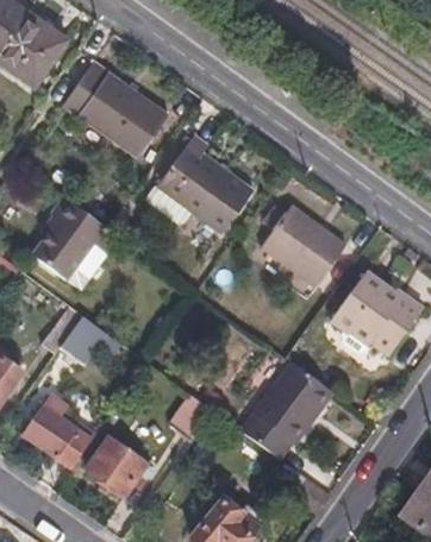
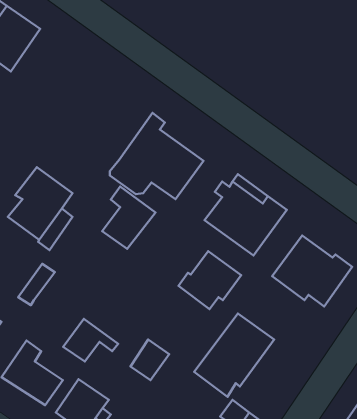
building: [65,59,168,152] -> none
building: none -> [102,186,156,249]
building: none -> [178,251,241,309]
building: [58,316,121,365] -> [63,319,118,362]

